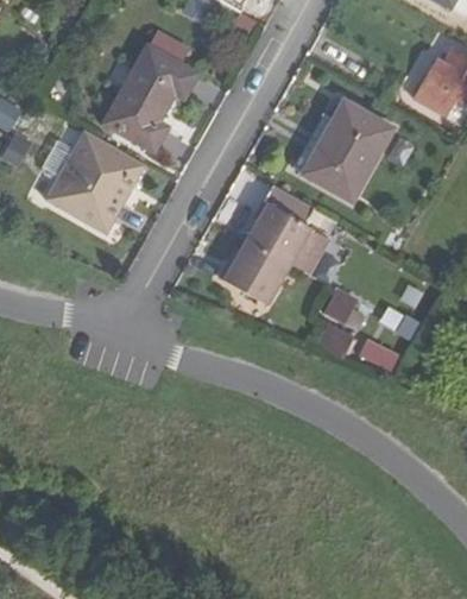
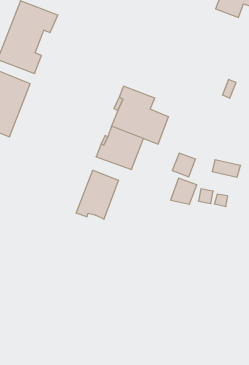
building: [304,105,391,201] -> none
building: none -> [76,170,119,219]

